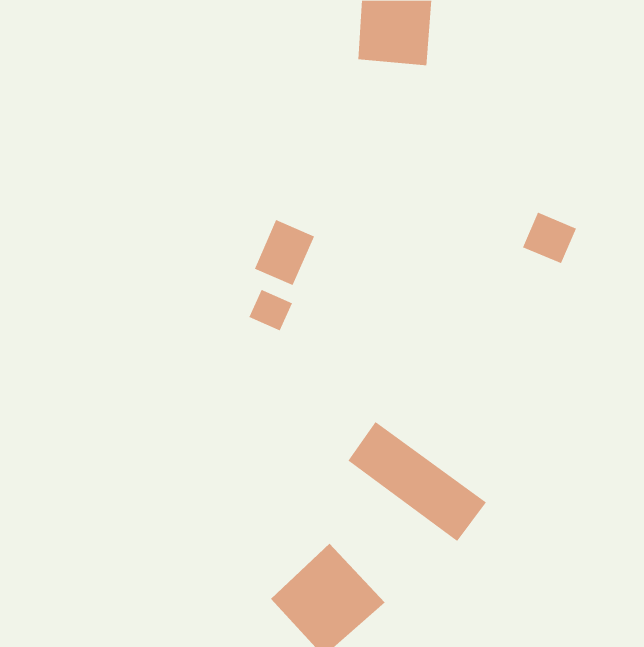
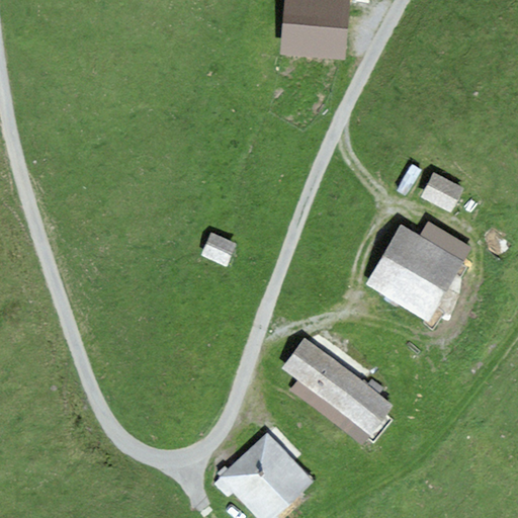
building: [254,219,315,286] -> none
building: none -> [366,224,463,320]

